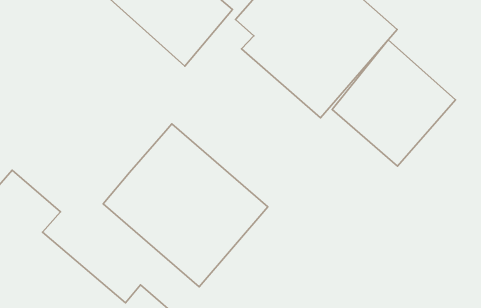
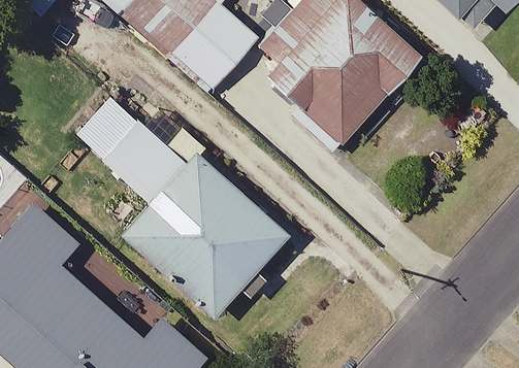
building: [332,40,456,166] -> none
building: none -> [100,116,187,202]

